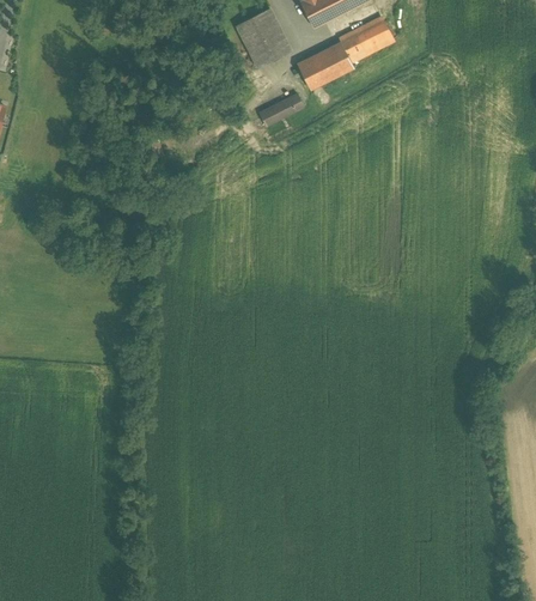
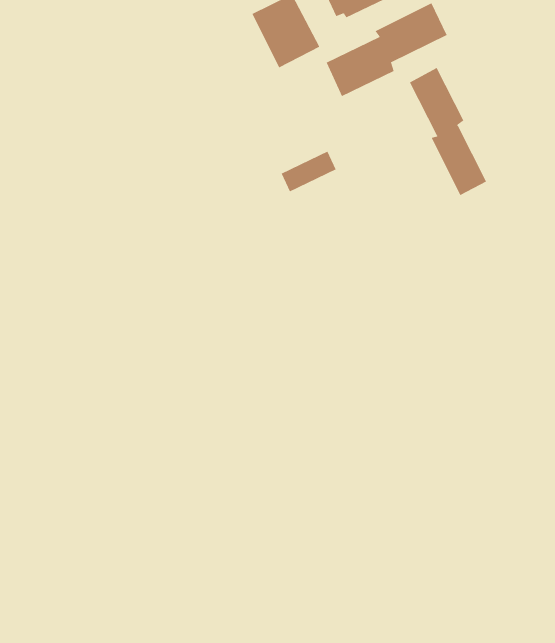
building: none -> [409,67,487,196]
building: [258,90,305,125] -> [281,151,337,192]

